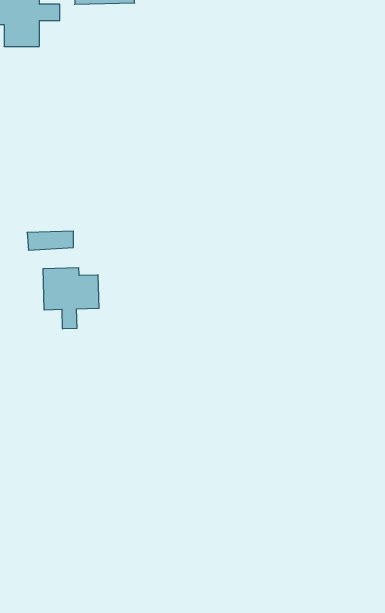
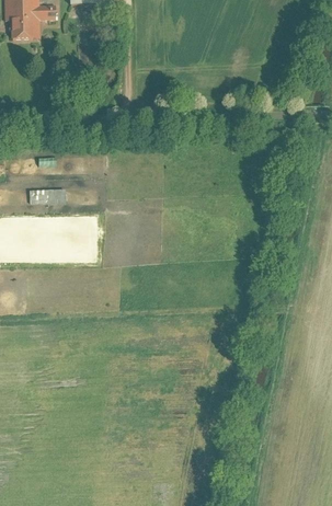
building: [43,268,99,329] -> none

